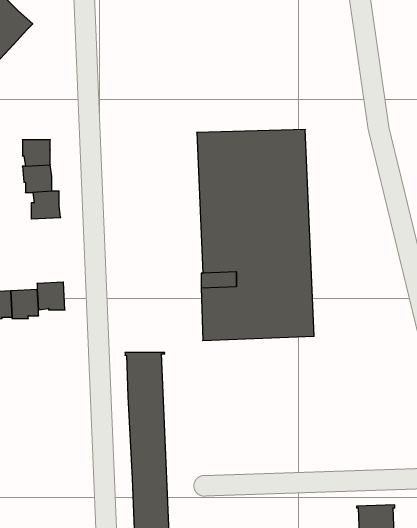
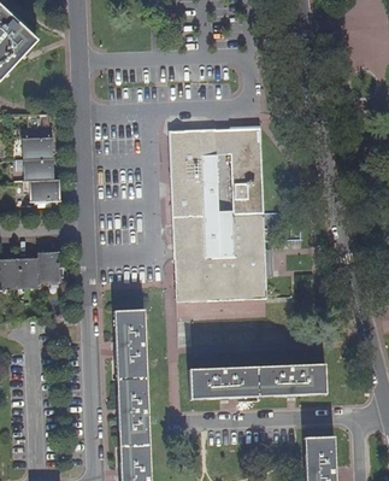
building: none -> [190,362,328,399]

